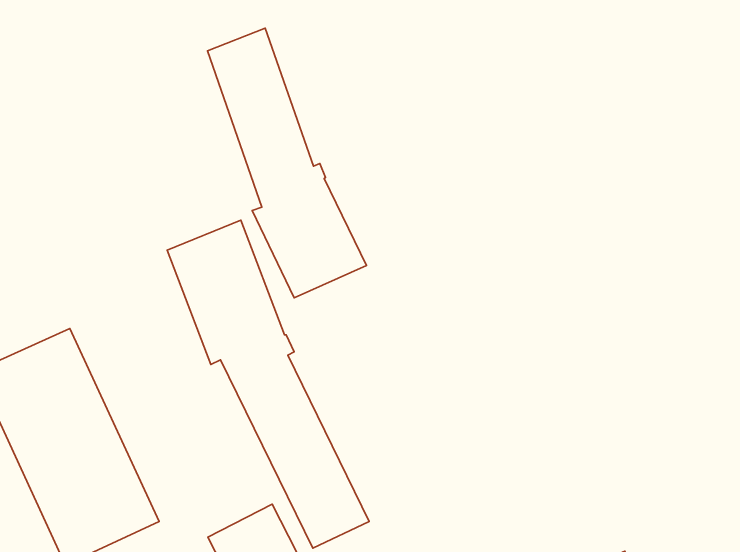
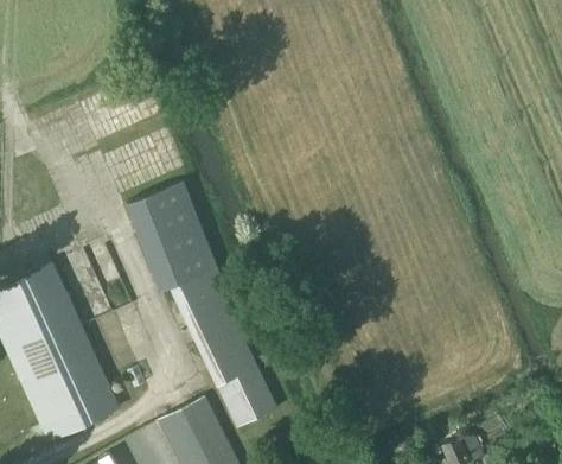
building: [207,28,366,298] -> none

